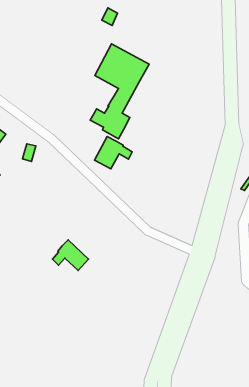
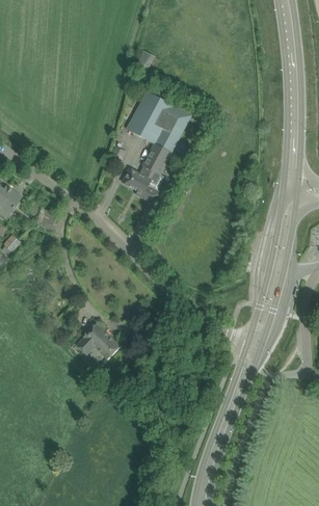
building: [95,136,132,169] -> none

